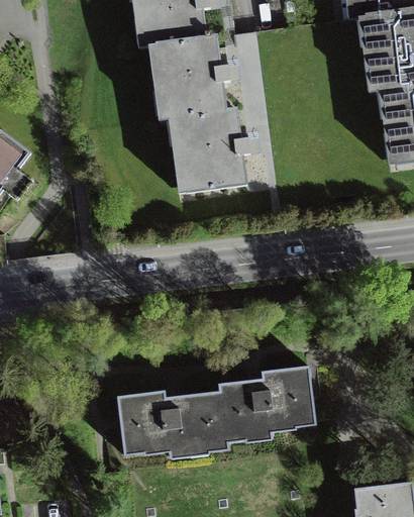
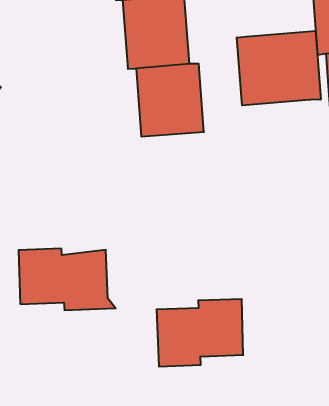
building: none -> [237,31,321,105]
building: [119,393,229,461] -> [19,249,116,310]

